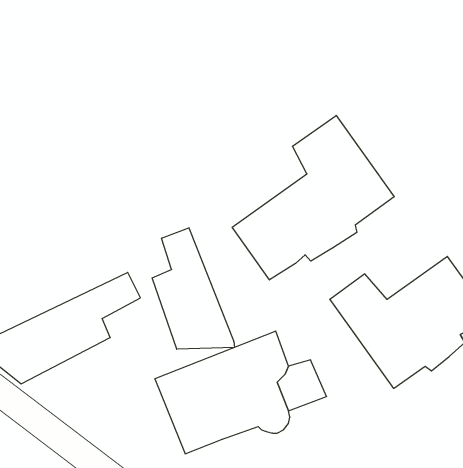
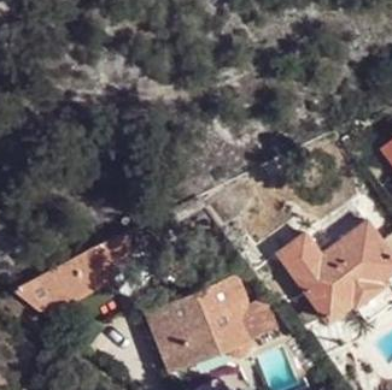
building: [232,115,394,280] -> none
building: [152,228,234,349] -> none

